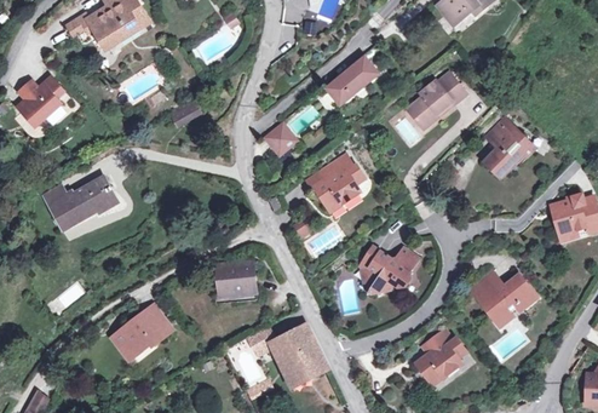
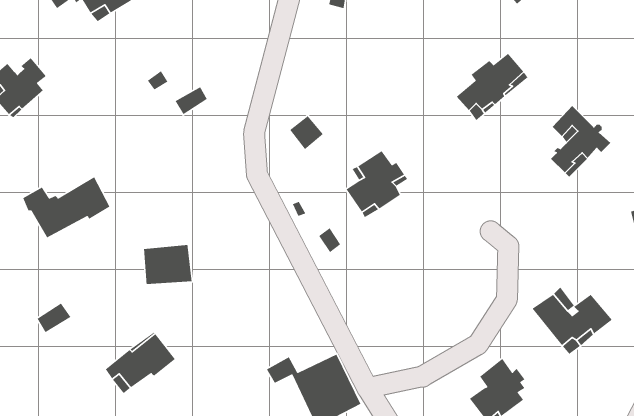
building: [327,57,378,104] -> none
building: [361,245,419,294] -> none
building: [215,260,257,294] -> [143,244,192,285]

